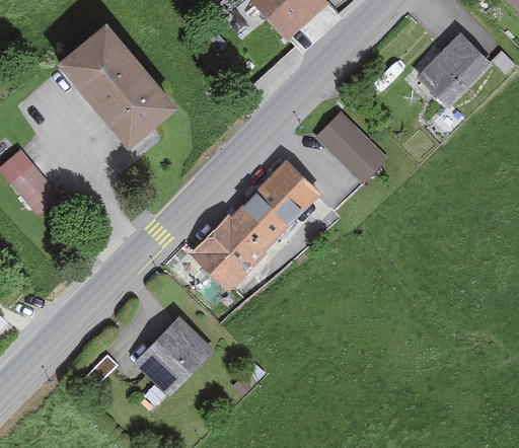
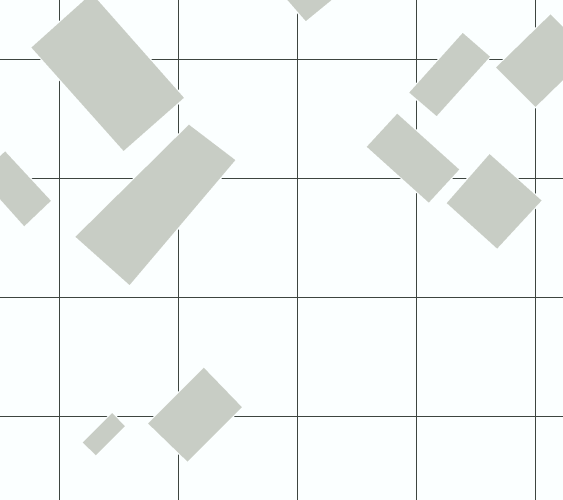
building: none -> [408,32,491,117]
building: none -> [446,153,542,250]
building: [188,165,318,296] -> [75,124,237,286]

